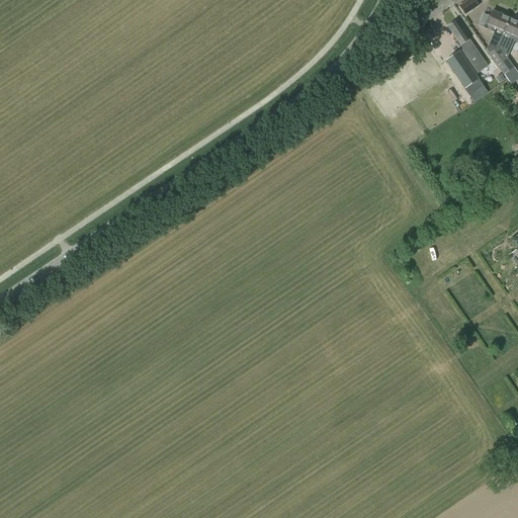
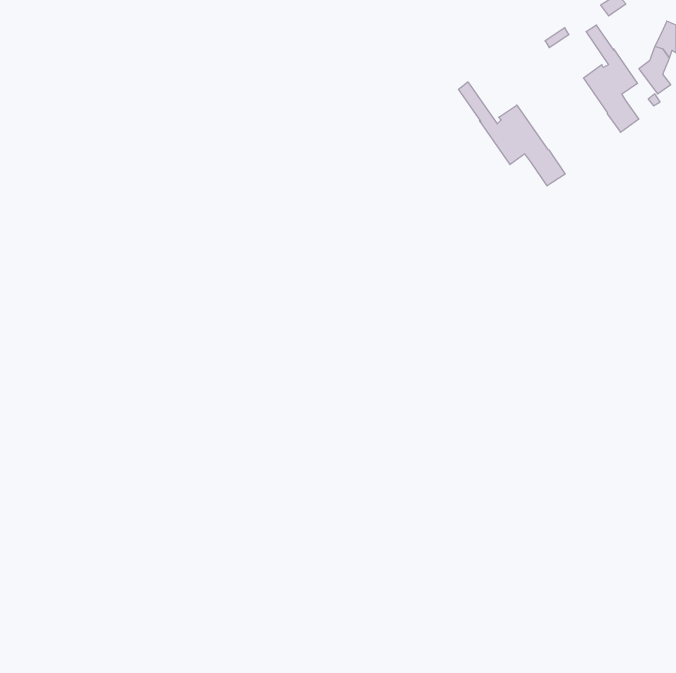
building: [478,8,510,29] -> none
building: none -> [459,82,565,186]

